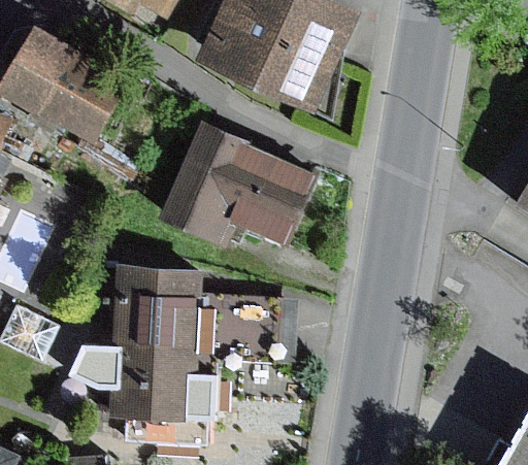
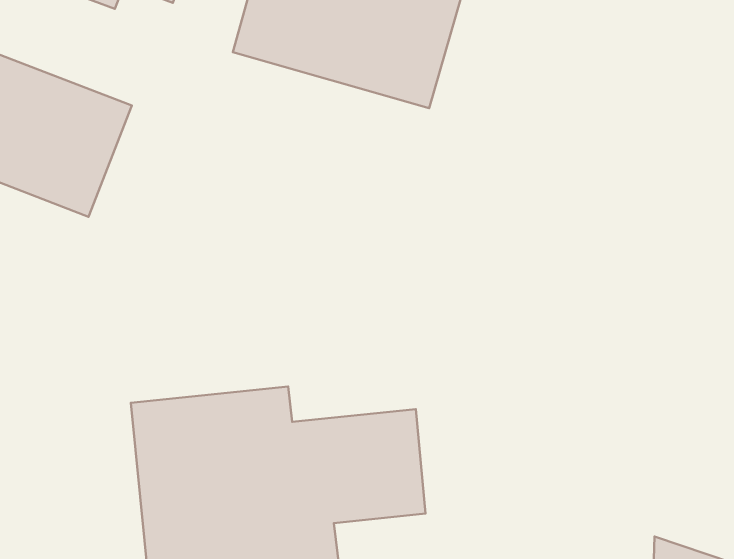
building: [157,123,315,250] -> none

